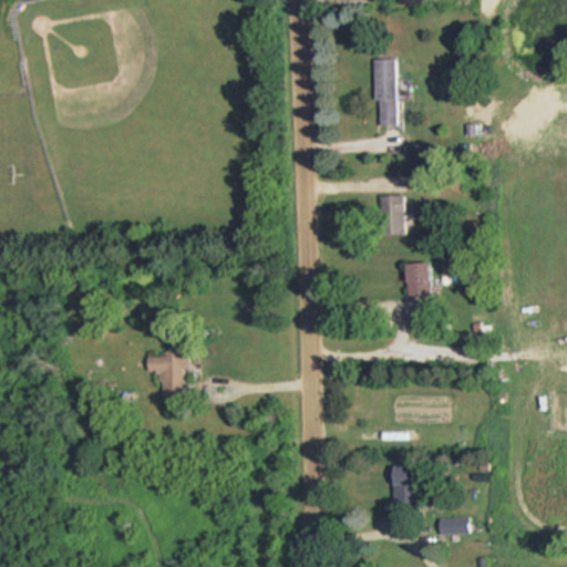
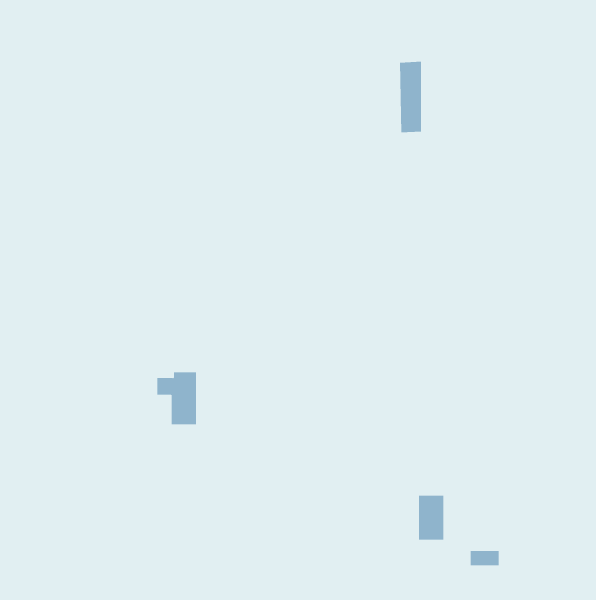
building: [380,196,403,235] -> none
building: [406,262,430,296] -> none

